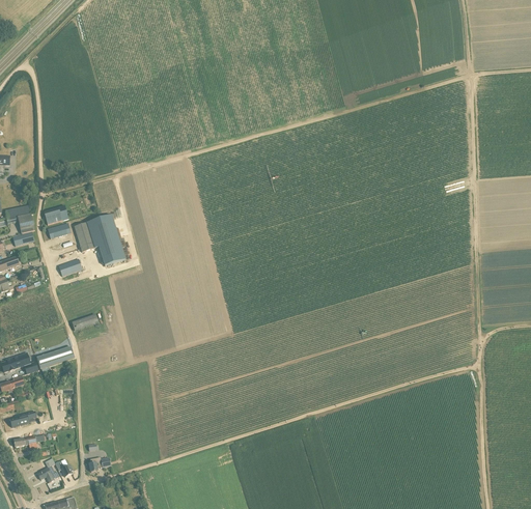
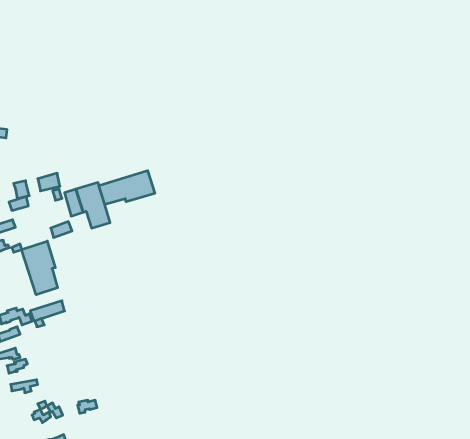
building: none -> [99,171,155,204]
building: none -> [22,241,58,295]

